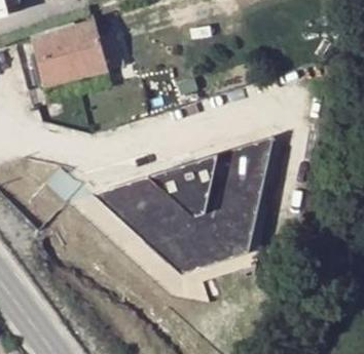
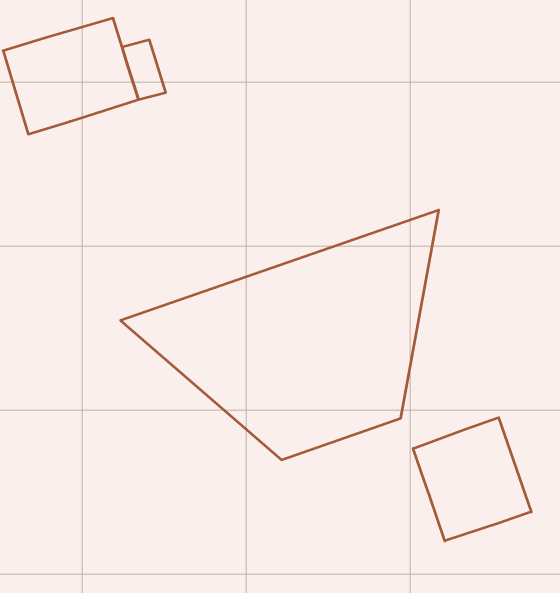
building: none -> [413,418,531,541]

